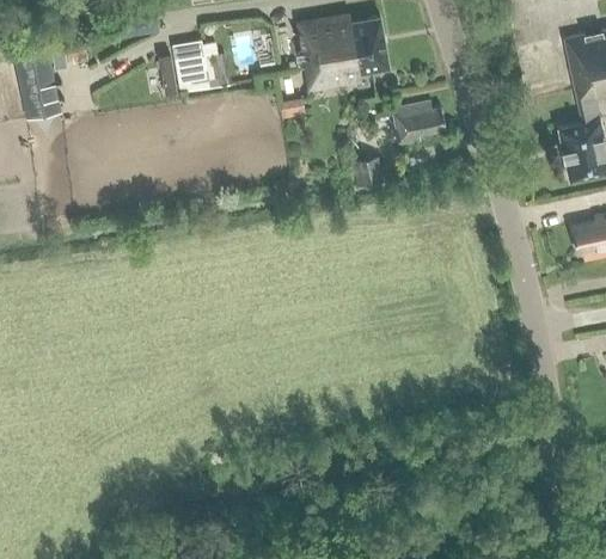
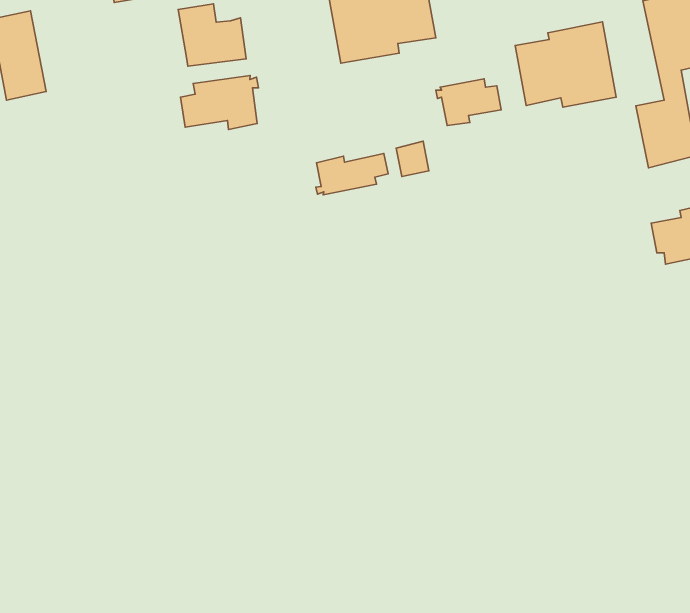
building: none -> [515,22,616,107]
building: none -> [181,76,258,129]
building: none -> [316,154,388,195]

